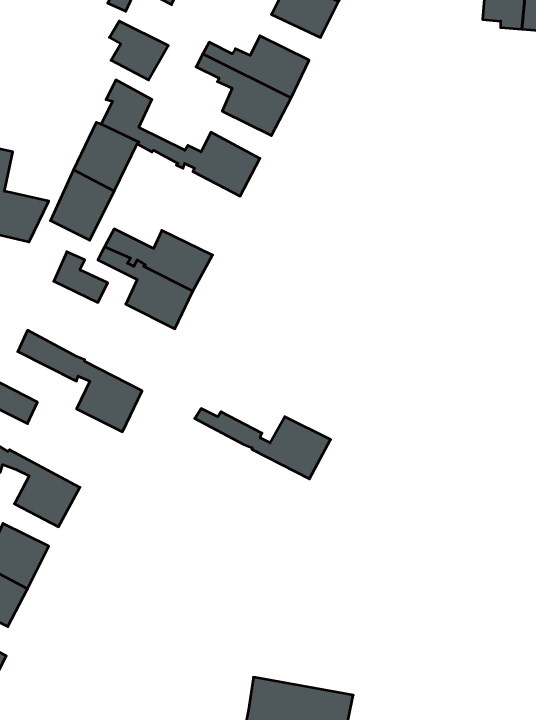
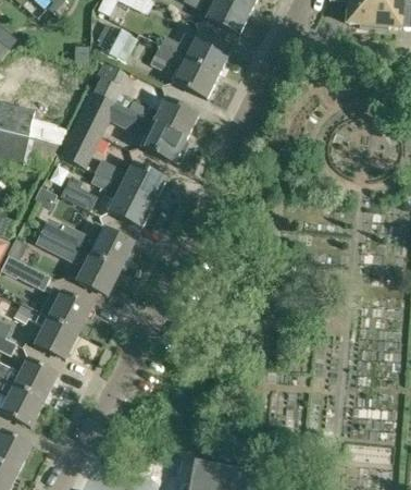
building: none -> [121,108,185,162]
building: [195,409,331,479] -> [43,221,134,268]
building: none -> [32,291,91,332]

